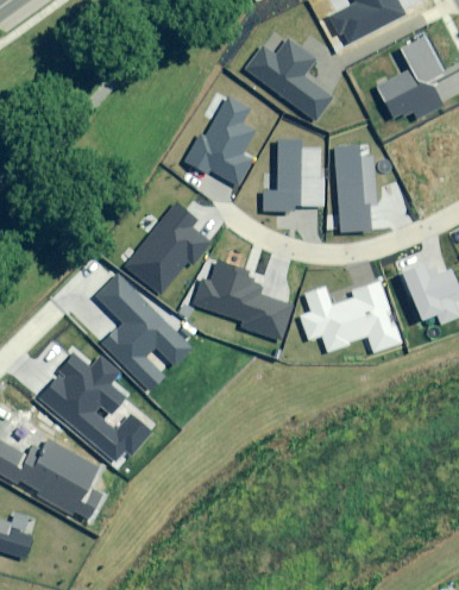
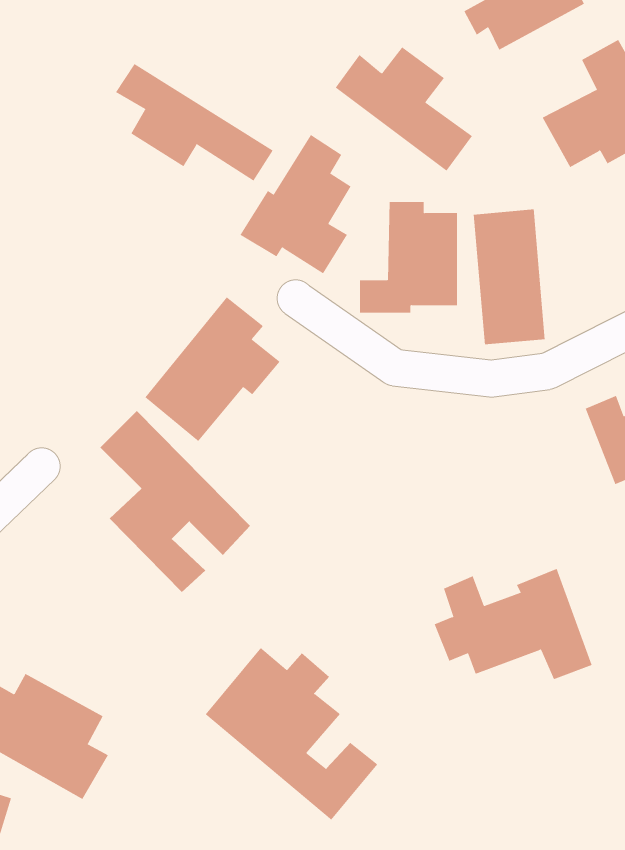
building: none -> [115,63,274,182]
building: [190,261,291,341] -> none
building: [300,281,401,352] -> [434,568,593,680]
building: [38,354,149,465] -> [205,647,378,820]

